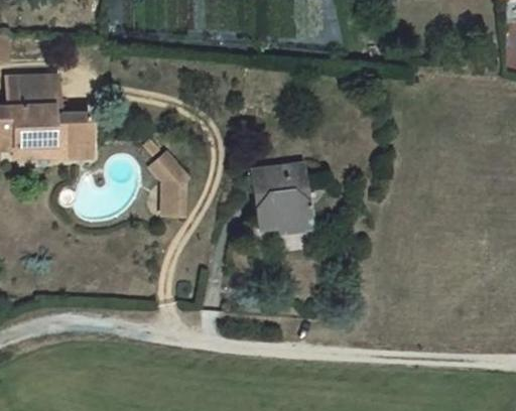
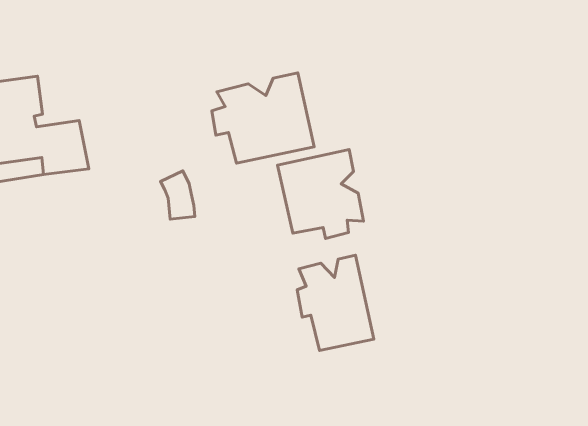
building: none -> [212,73,314,163]
building: none -> [297,255,374,350]

